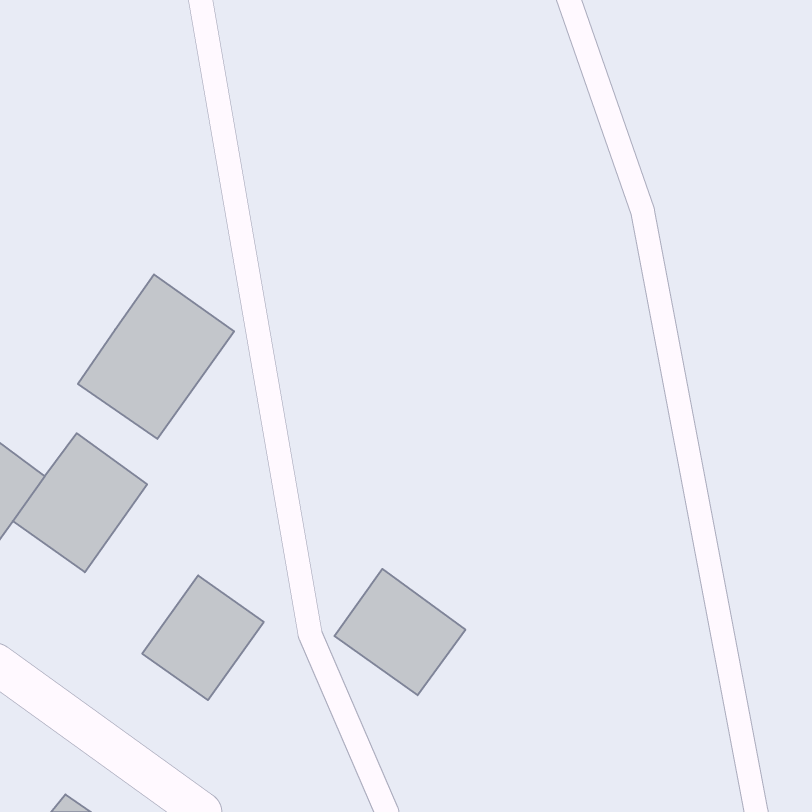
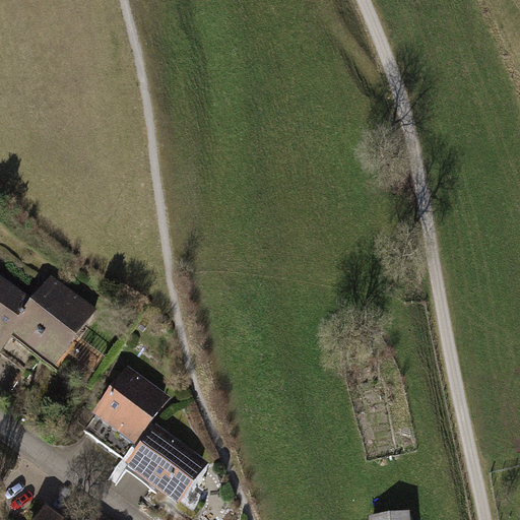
building: [78,274,234,439] -> none
building: [334,569,465,695] -> [124,424,207,504]

